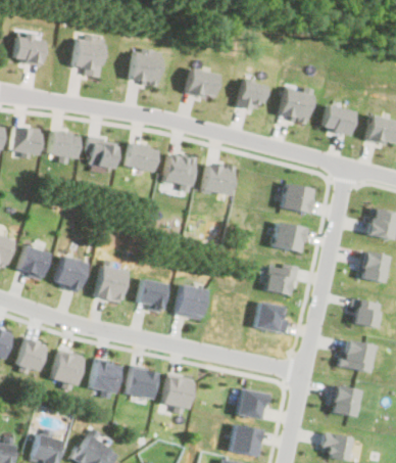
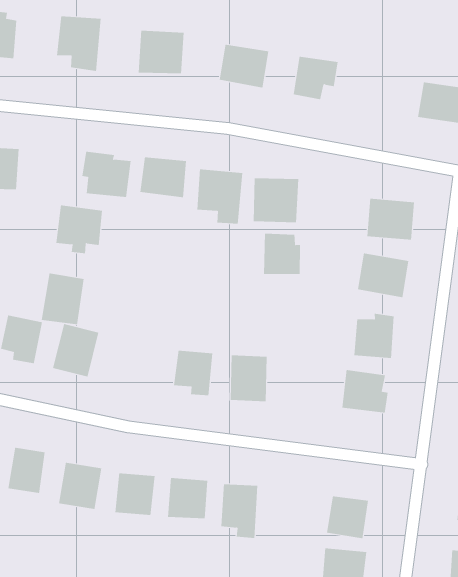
building: [282,86,316,124] -> none
building: [48,128,83,164] -> [56,205,103,254]
building: none -> [263,233,300,275]
building: [96,265,129,303] -> [41,273,84,325]

